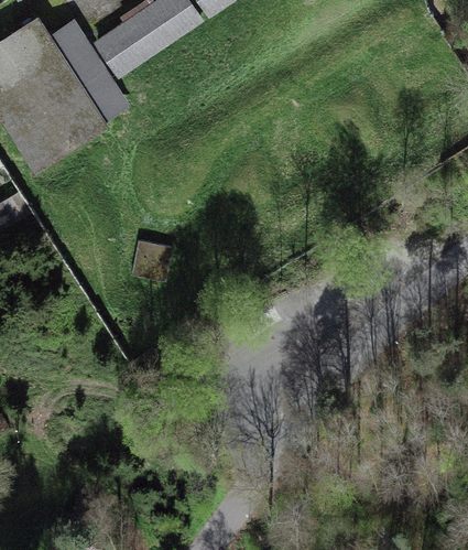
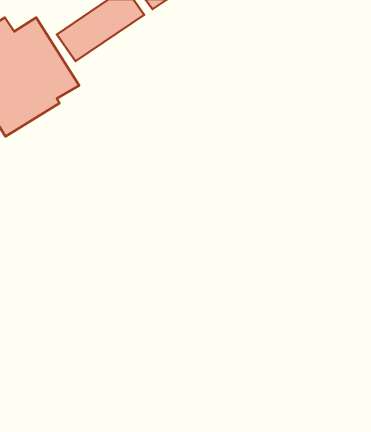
building: [129,240,168,281] -> none

